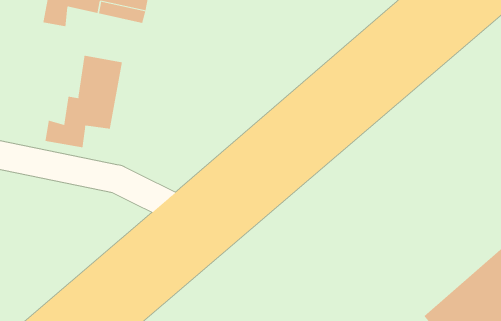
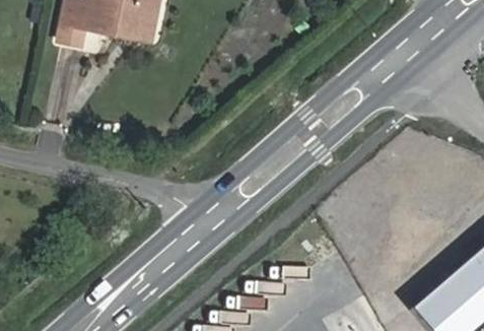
building: [45,55,122,148] -> none

